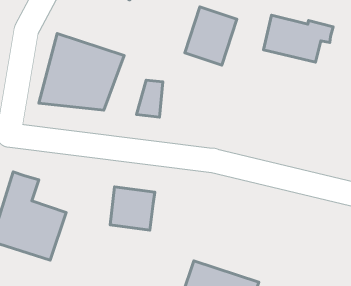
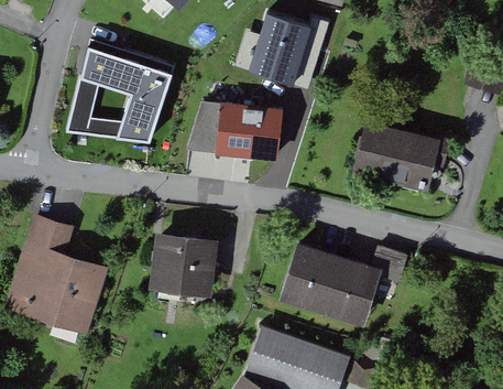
building: [264,15,333,62] -> [359,126,446,184]
building: none -> [218,106,281,156]
building: none -> [273,238,378,323]

